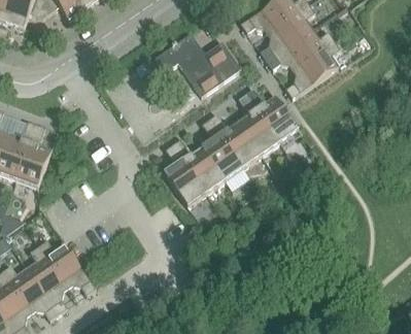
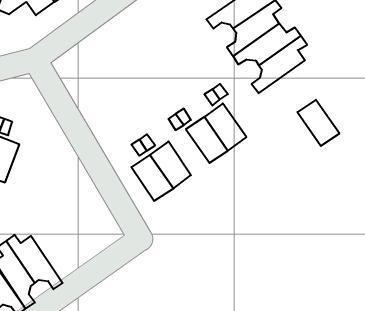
building: [155,35,240,95] -> none
building: [255,95,298,141] -> [297,100,339,146]
building: [201,133,242,179] -> none

